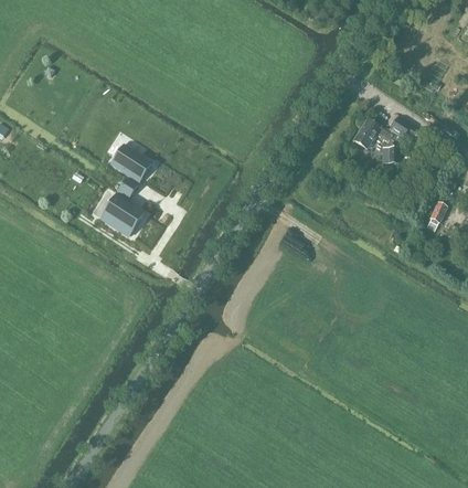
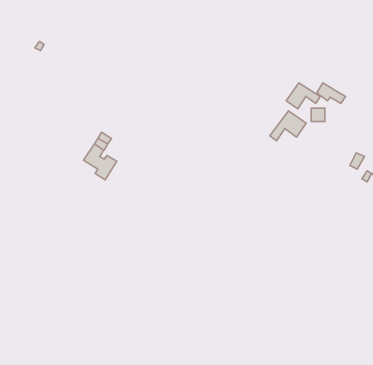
building: [109,144,151,182] -> none
building: none -> [270,111,306,141]

